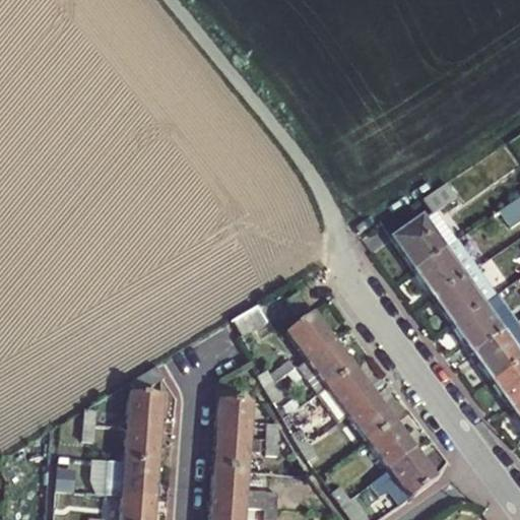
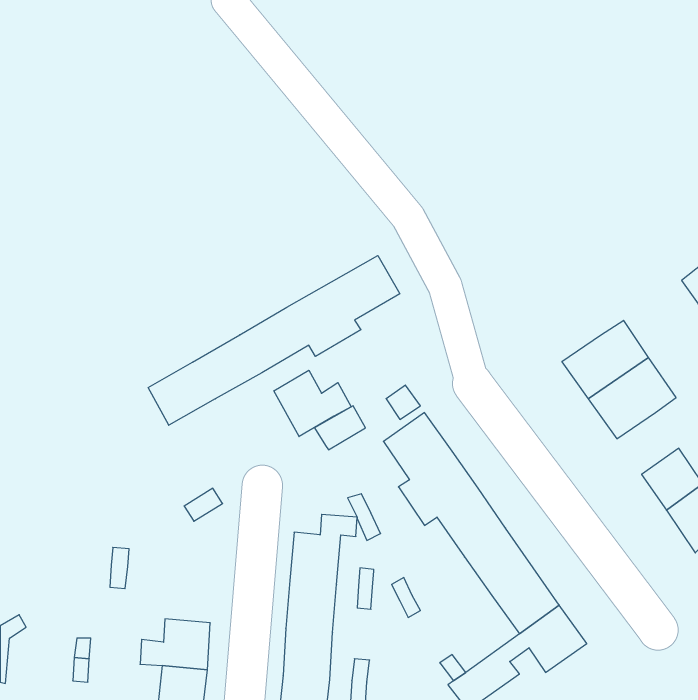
building: [396,181,465,269] -> none
building: none -> [148,256,400,425]
building: none -> [274,370,351,437]
building: [459,307,505,352] -> none
building: [125,388,165,462] -> none

